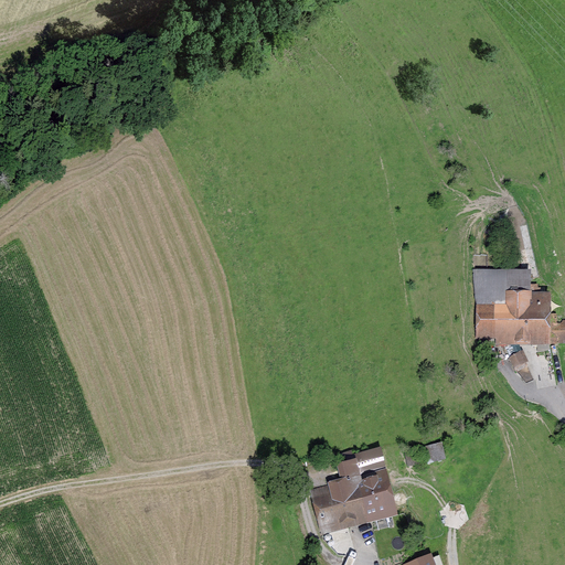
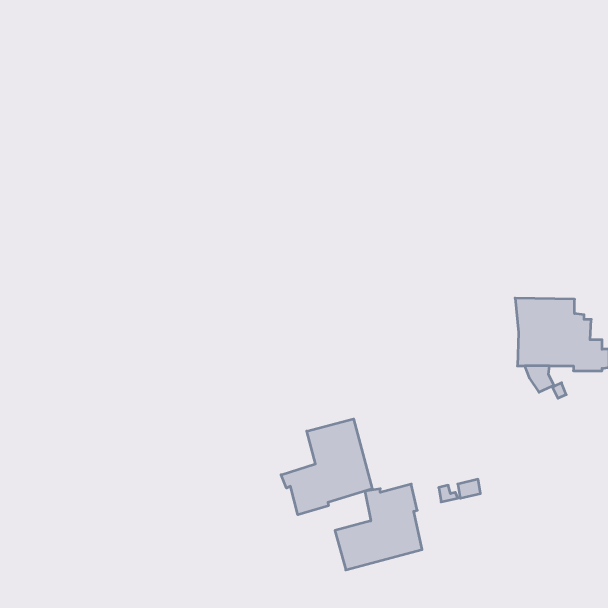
building: none -> [281,419,372,515]

